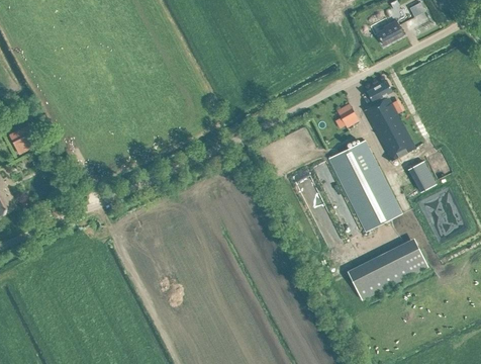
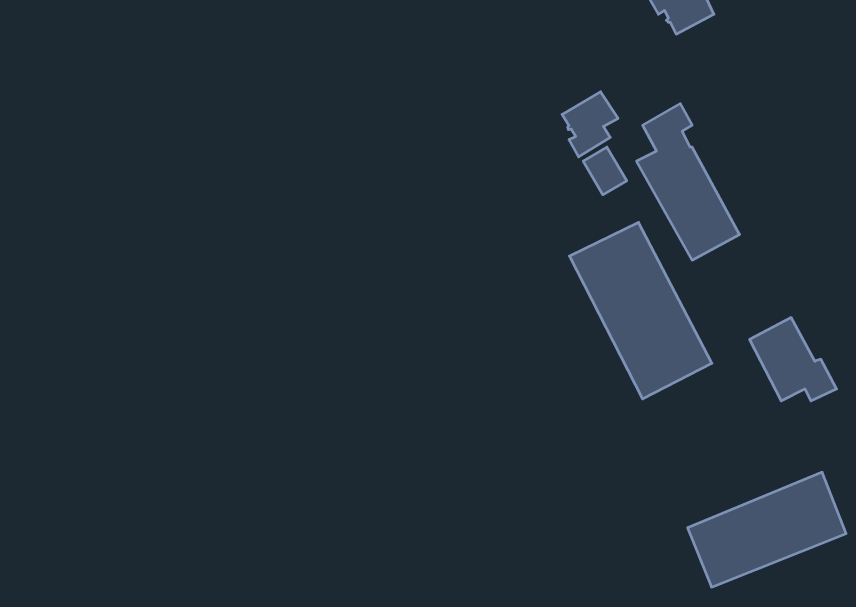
building: none -> [562,92,618,157]
building: [406,160,436,192] -> none
building: [351,237,431,295] -> [688,472,846,587]

